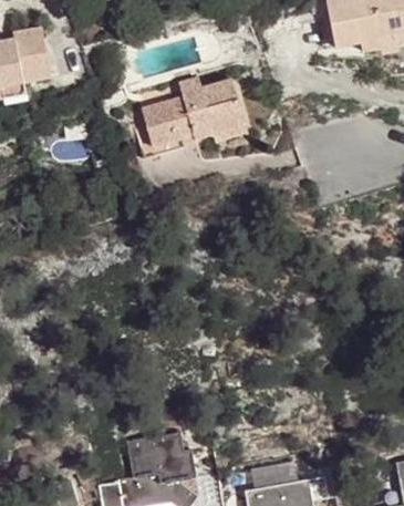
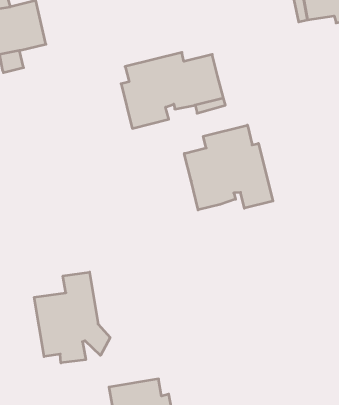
building: none -> [184,125,273,210]
building: none -> [34,272,110,363]

